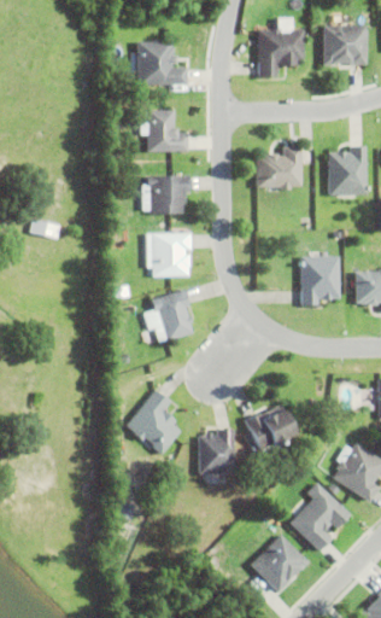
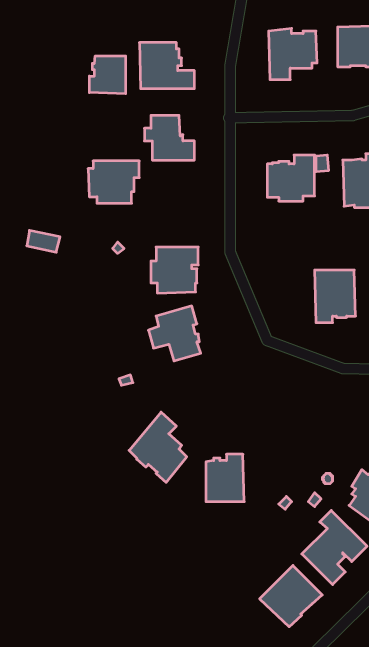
building: none -> [89,56,126,94]
building: [142,176,190,216] -> [88,161,139,203]
building: [245,412,295,459] -> none

